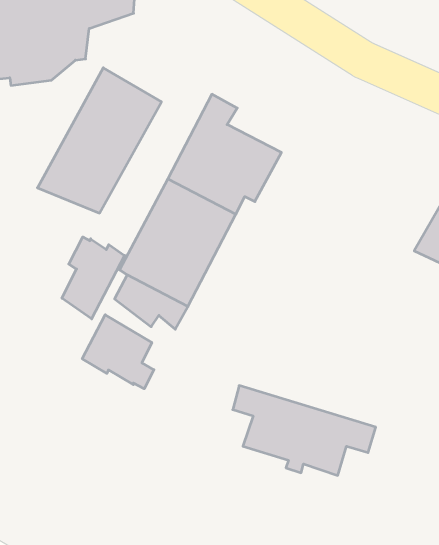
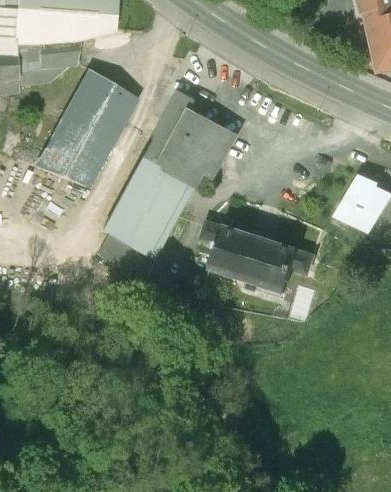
building: [62,237,125,319] -> none
building: [82,315,154,389] -> none
building: [233,386,376,475] -> [201,221,314,292]

